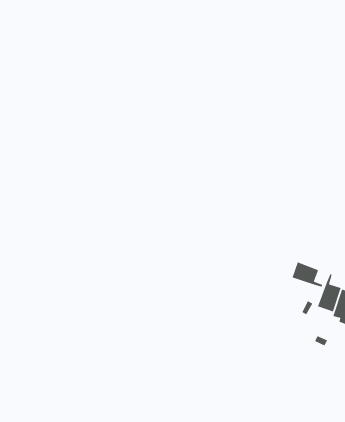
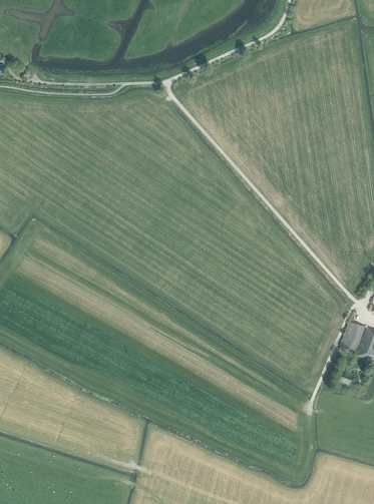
building: [292,262,323,287] -> none

